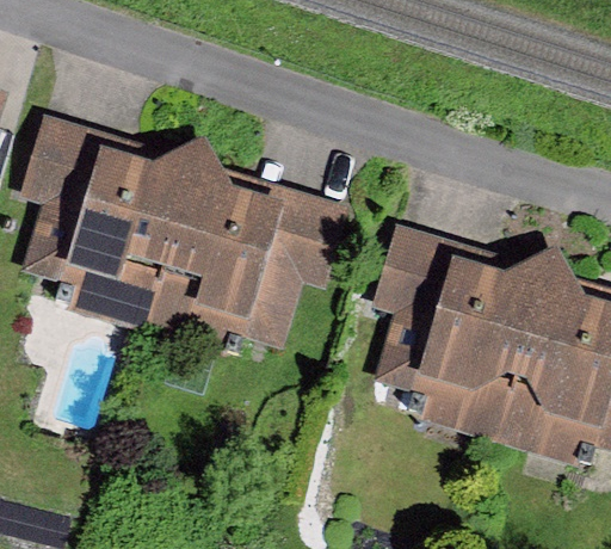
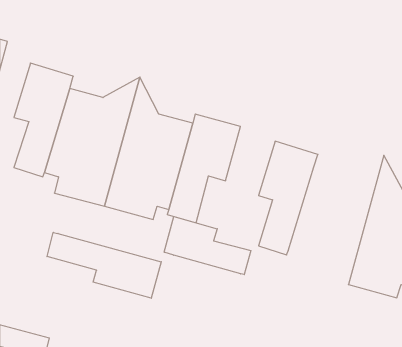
building: [418,247,556,434] -> none
building: none -> [164,217,251,275]
building: none -> [47,232,161,298]

